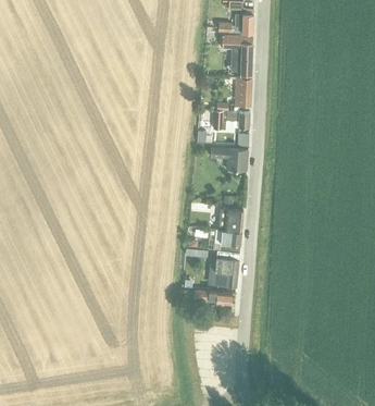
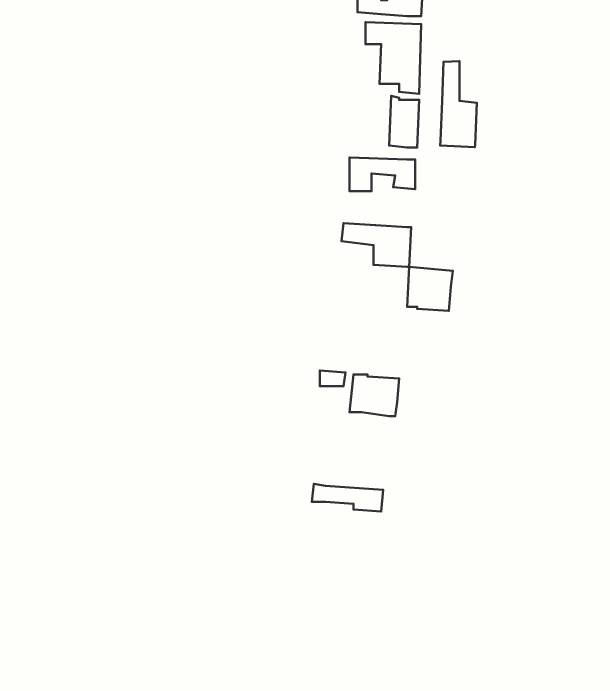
building: none -> [440,61,477,147]
building: [216,207,241,231] -> [407,267,453,311]
building: [209,249,237,285] -> none

